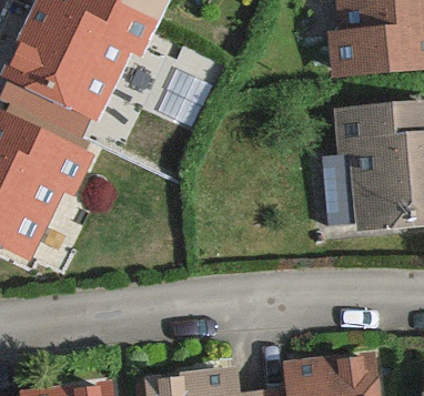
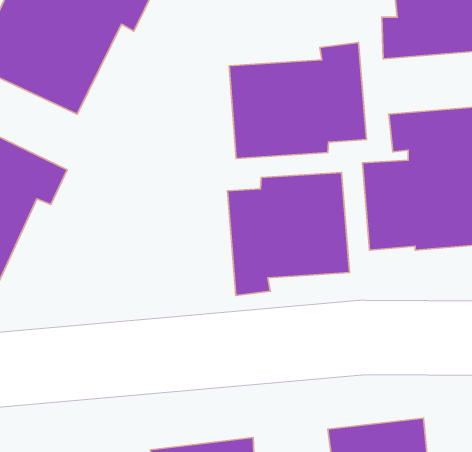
building: none -> [229,43,366,159]
building: none -> [227,173,349,296]

